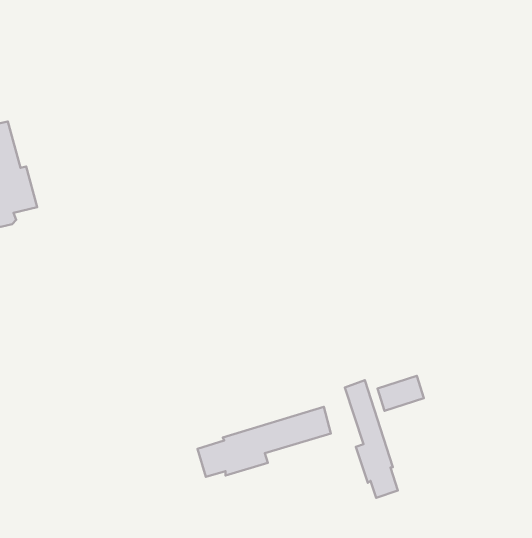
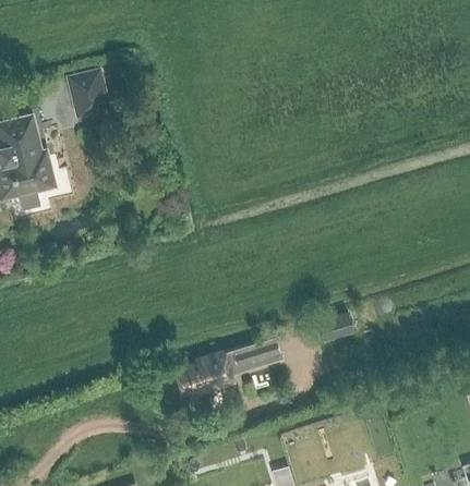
building: none -> [64,66,110,119]
building: [345,380,398,498] -> none

